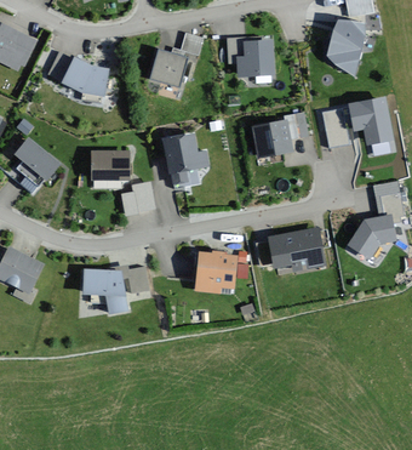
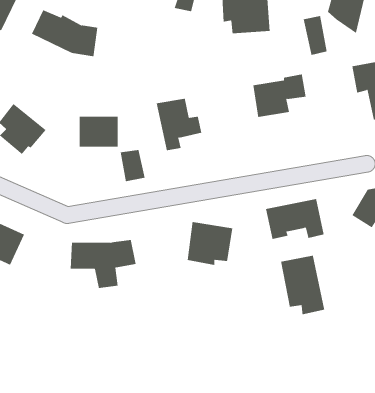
building: [150,50,184,97] -> none
building: [322,108,345,146] -> [303,15,327,55]
building: none -> [280,255,325,315]

